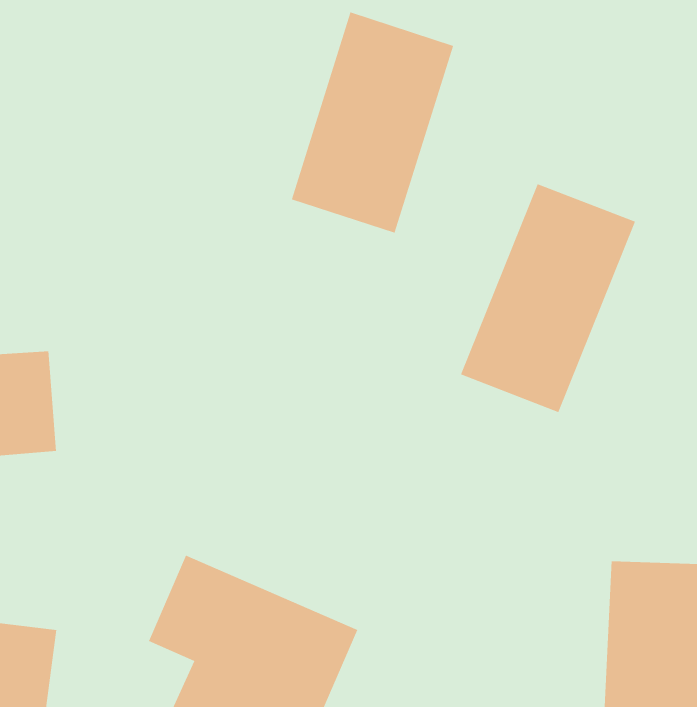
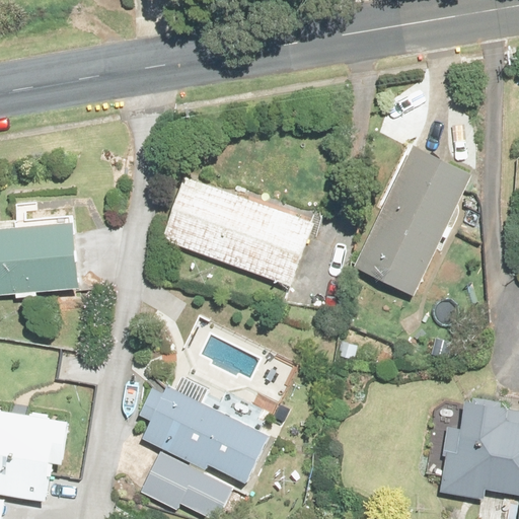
building: [291,12,454,234] -> none
building: none -> [147,181,305,300]

